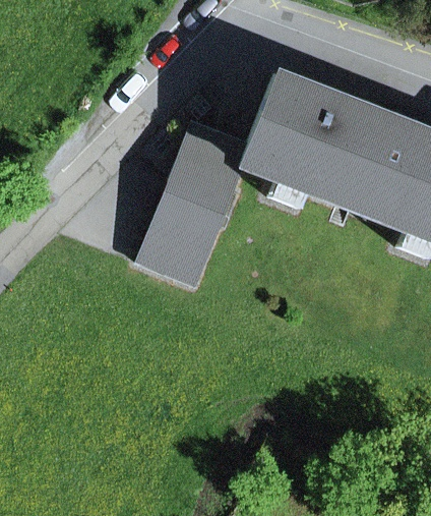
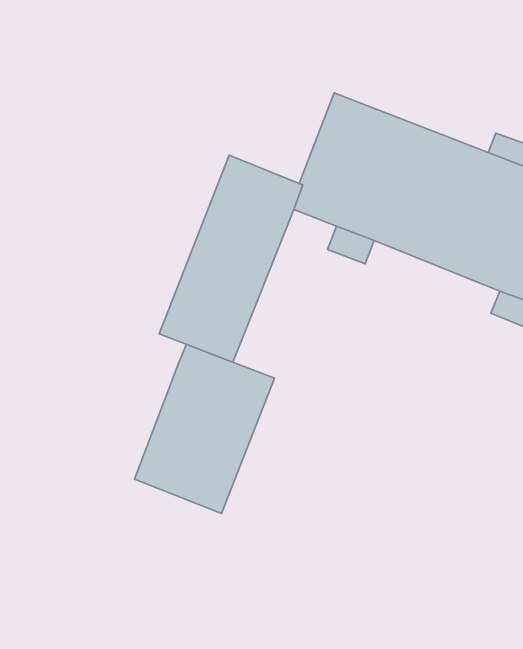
building: none -> [134,344,275,513]

